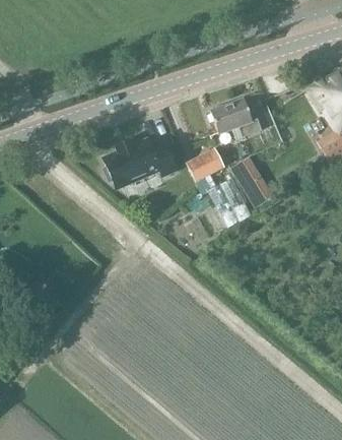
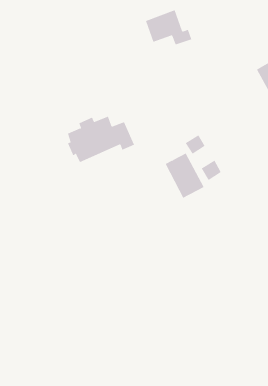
building: [212,98,263,136] -> [145,9,192,45]
building: [188,147,225,181] -> none

